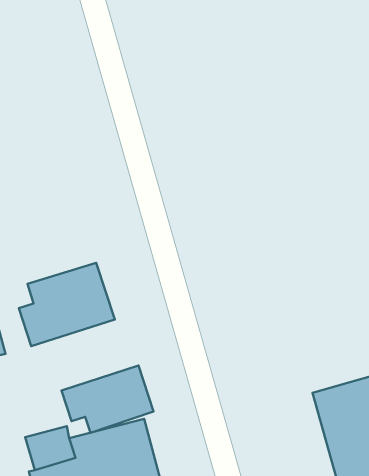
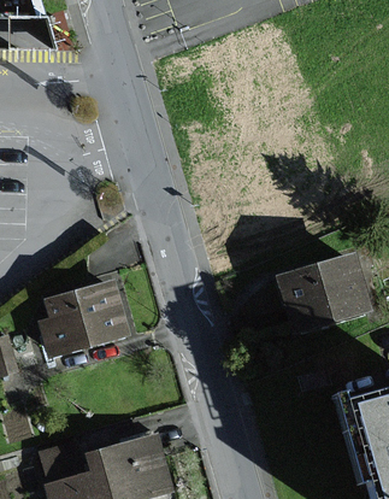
building: none -> [278,256,371,331]
building: [62,366,153,433] -> none

